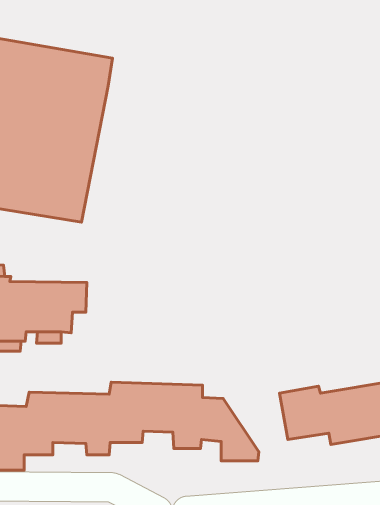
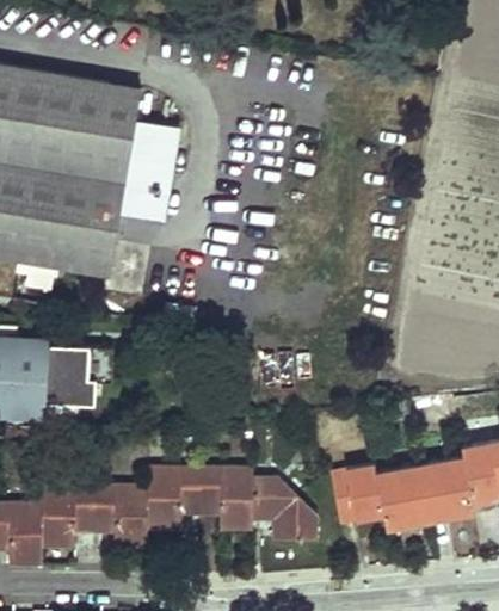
building: none -> [124,118,181,218]

